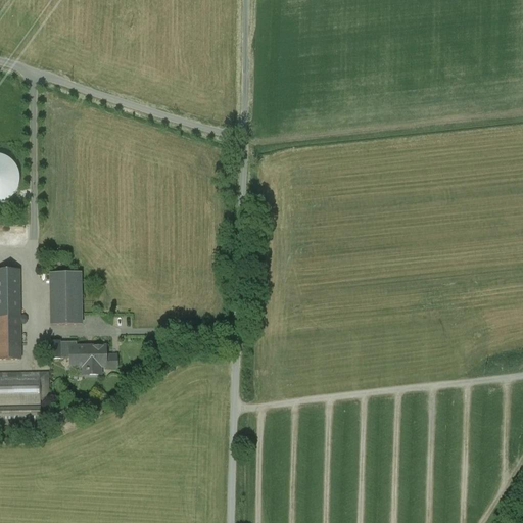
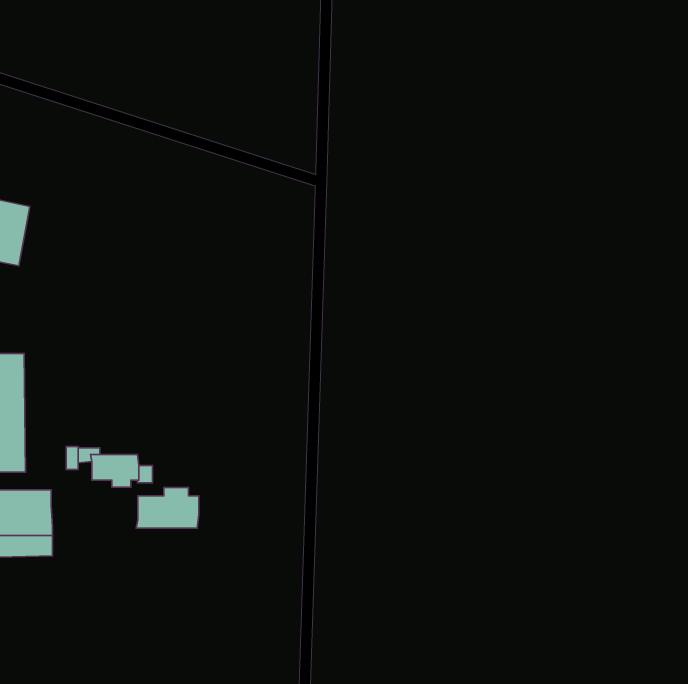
building: [49,271,81,323] -> none
building: none -> [136,487,199,528]

